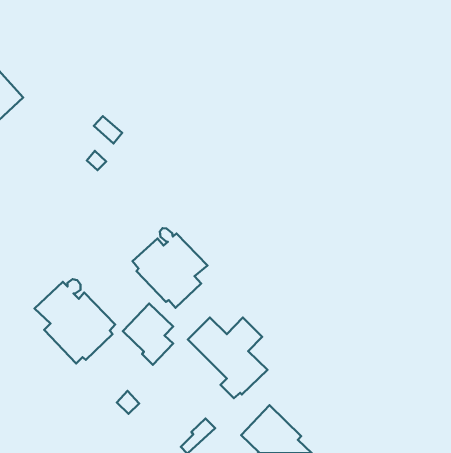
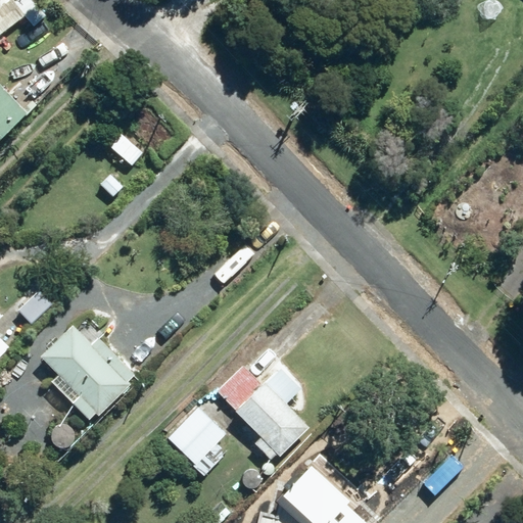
building: [133,228,207,308] -> none
building: [123,304,173,365] -> [168,407,226,477]

